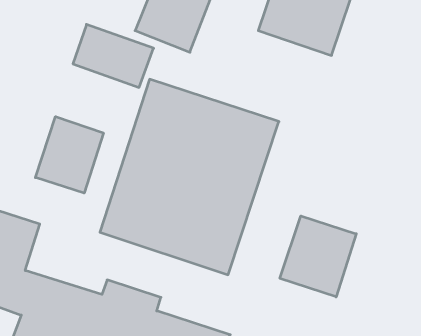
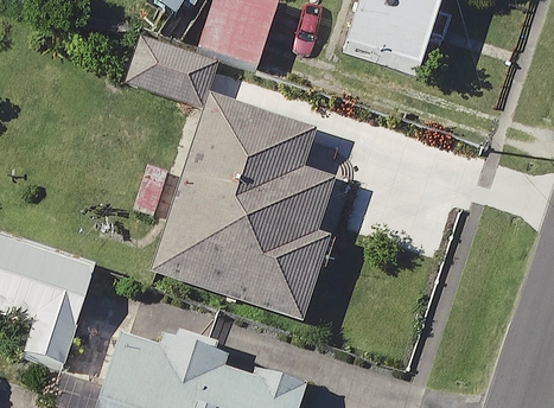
building: [35,117,103,193] -> none
building: [280,216,356,297] -> none

